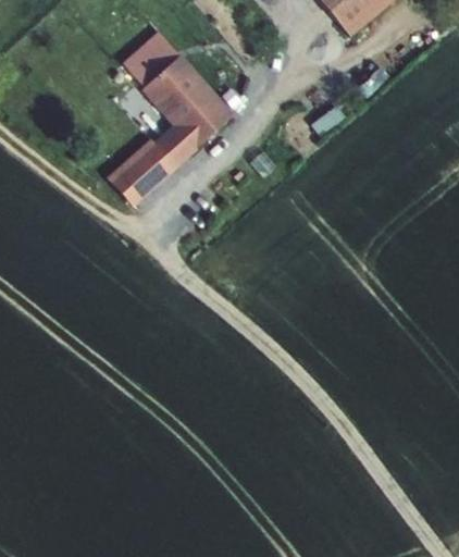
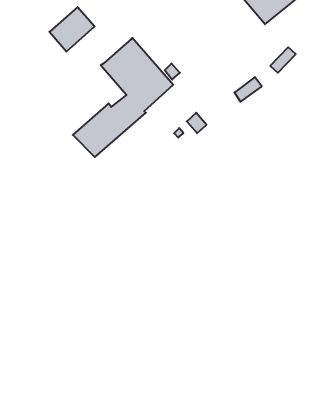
building: [122,29,179,86] -> [49,7,95,51]

